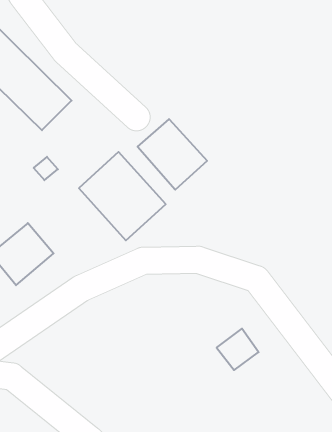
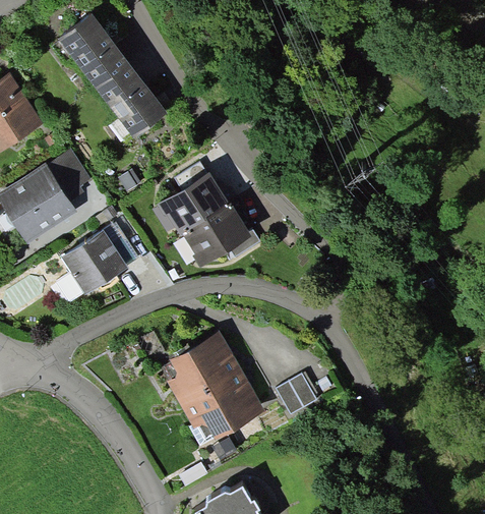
building: [138,119,207,190] -> none
building: none -> [169,330,267,439]

